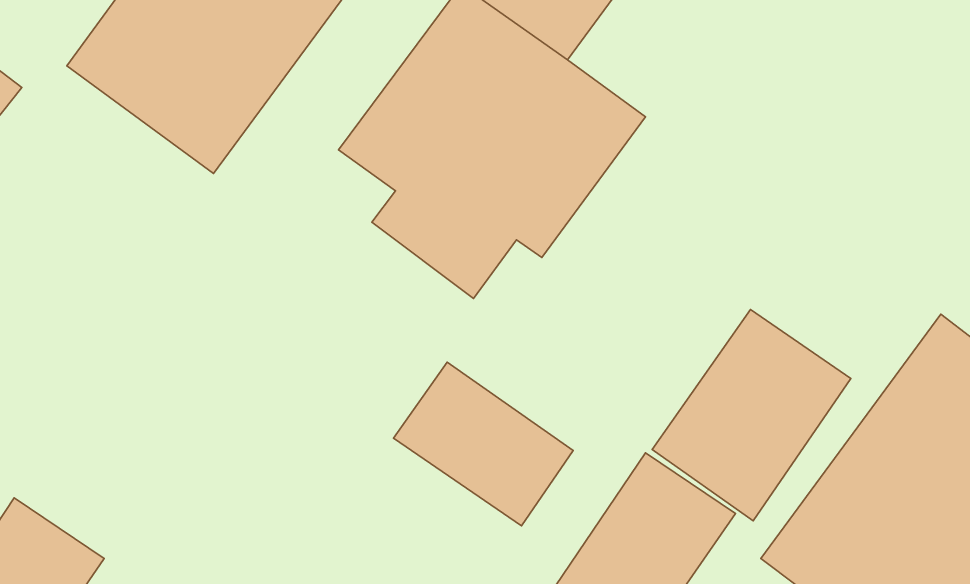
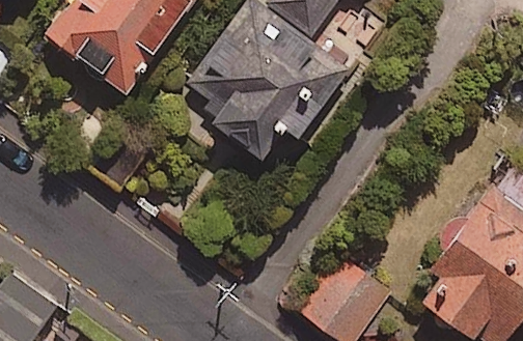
building: [652,309,851,521] -> none
building: [394,362,573,526] -> none

